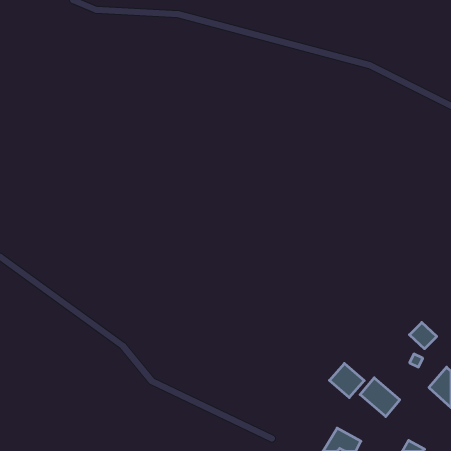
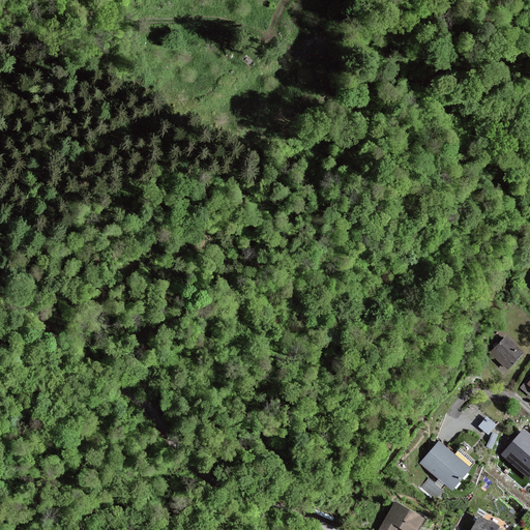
building: [409,322,437,349] -> [491,337,523,369]
building: [329,363,364,398] -> none

